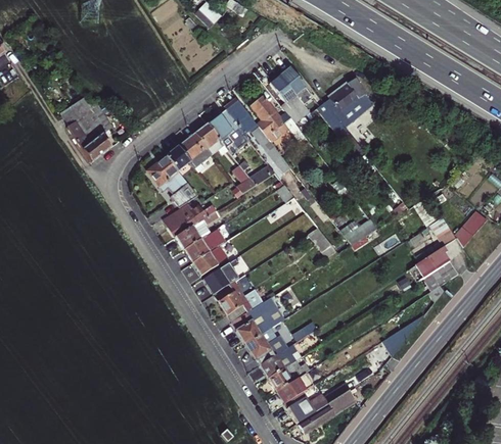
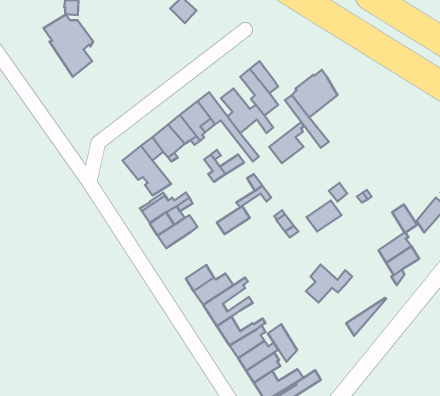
building: [60,97,112,162] -> [44,14,93,77]
building: none -> [269,122,304,163]
building: [192,245,227,275] -> [217,206,250,234]
building: [202,262,238,294] -> none
building: none -> [306,265,352,302]
building: none -> [268,324,297,362]

